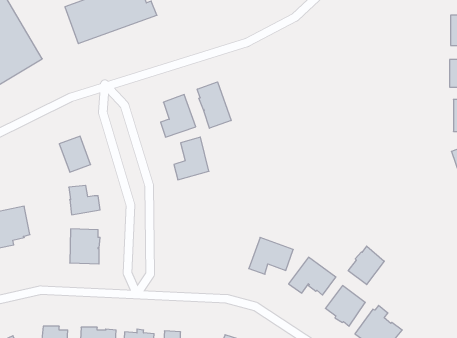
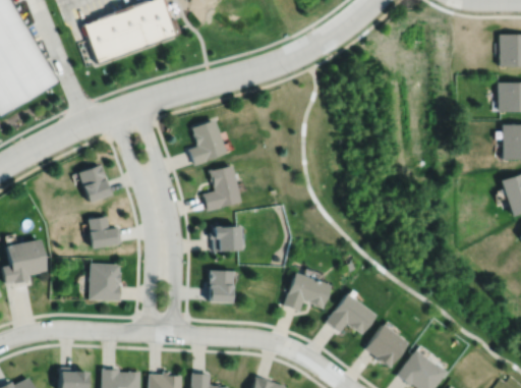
building: [197,82,231,128] -> none
building: none -> [209,226,238,252]
building: none -> [207,271,232,303]
building: [348,246,384,285] -> none

